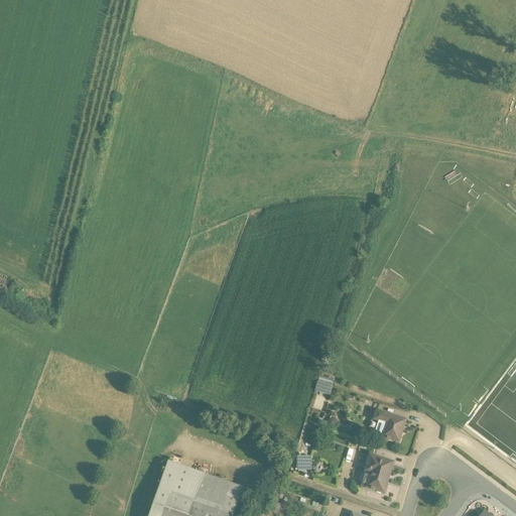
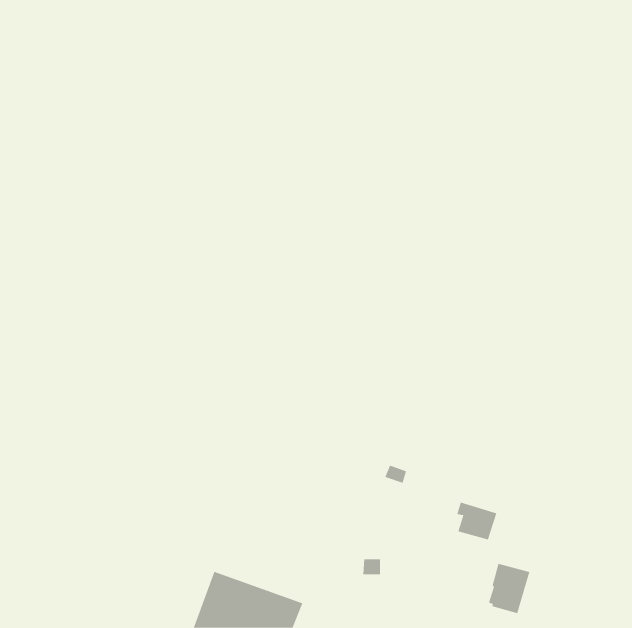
building: [360,453,394,494] -> [488,563,530,614]

